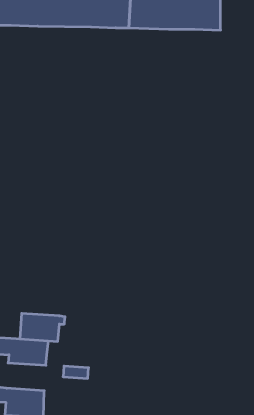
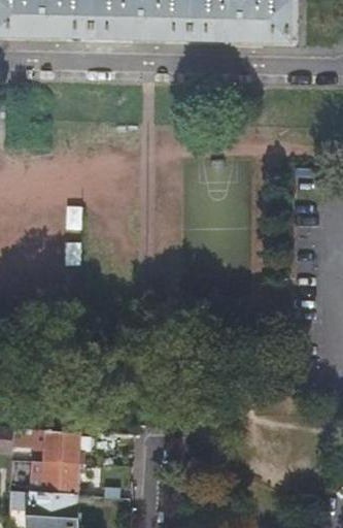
building: [20,313,65,341] -> [29,460,85,495]

